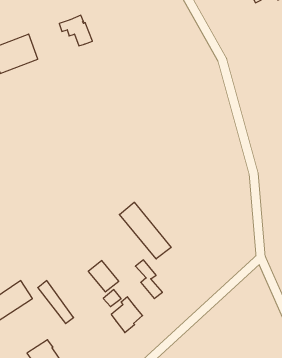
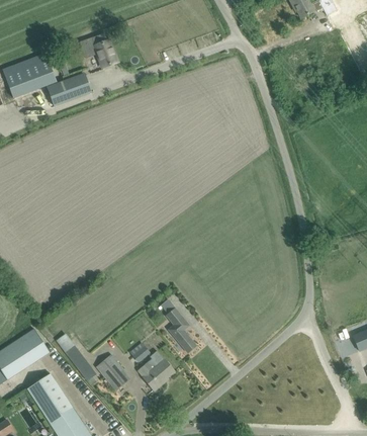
building: none -> [45,73,90,106]
building: [119,202,171,259] -> none
building: [88,261,119,292] -> [95,354,129,389]
building: none -> [26,373,66,414]

